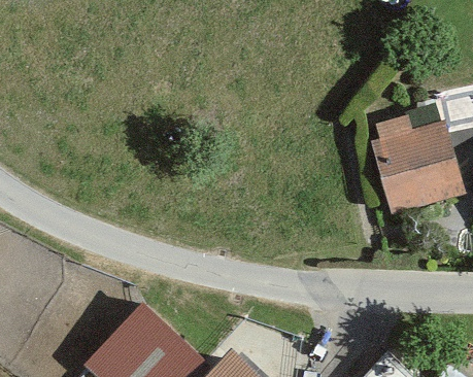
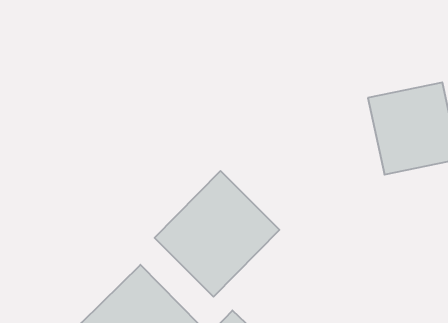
building: none -> [155,171,279,297]

